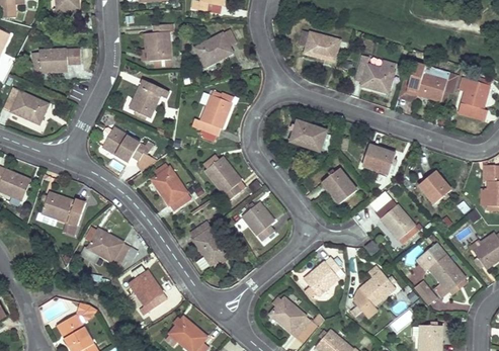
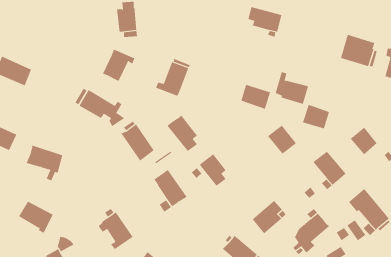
building: [194,29,236,67] -> none
building: [31,49,80,72] -> none
building: [354,55,394,93] -> [275,72,309,105]
building: [87,230,129,268] -> [18,201,54,234]

